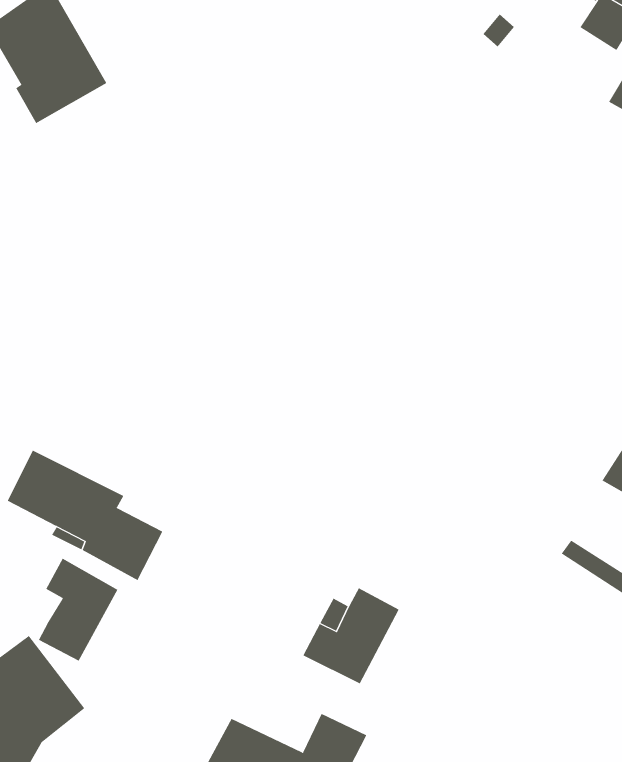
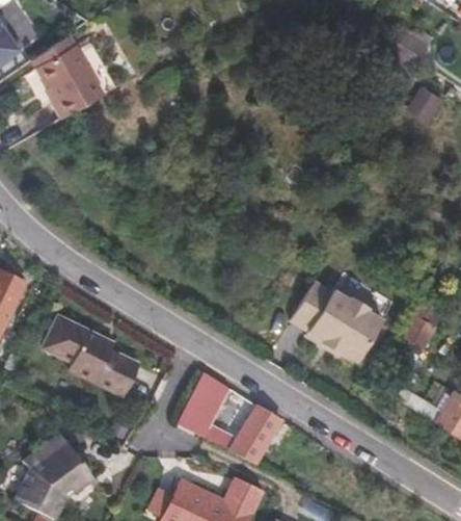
building: none -> [294,286,386,367]
building: none -> [178,369,232,436]
building: [38,558,118,661] -> none

